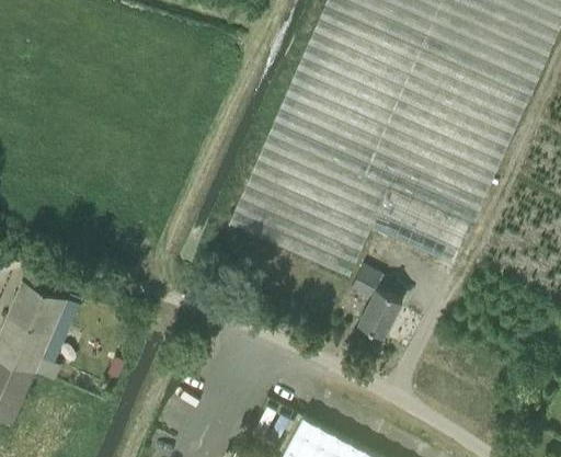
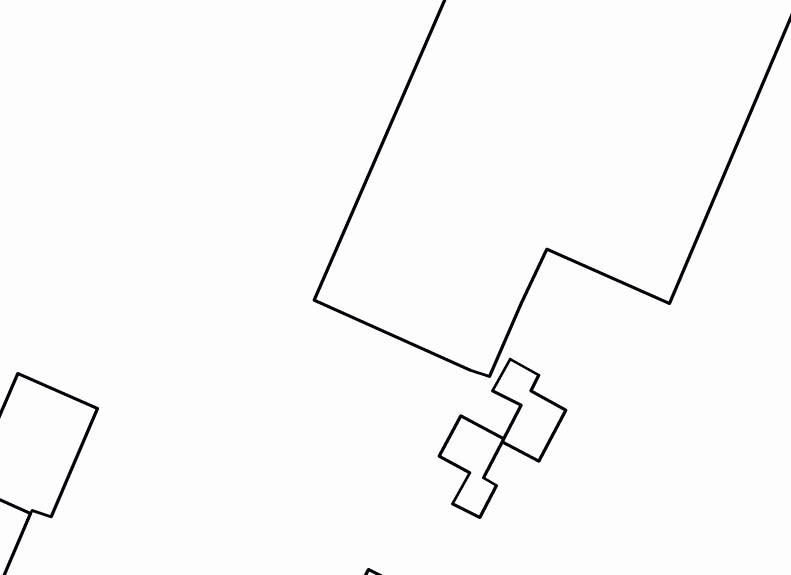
building: [370,192,472,267] -> none
building: none -> [439,416,504,518]

